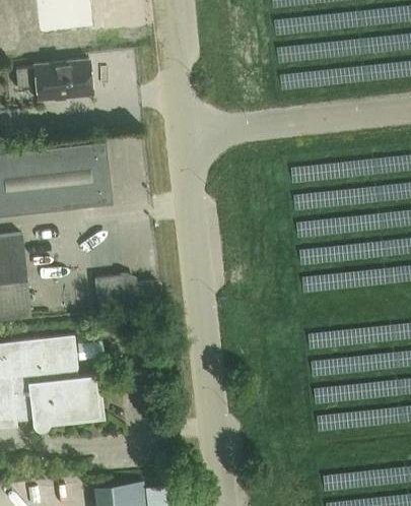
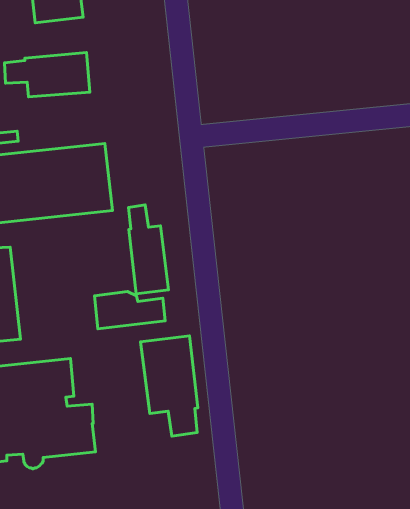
building: none -> [129,205,169,294]
building: none -> [140,336,198,436]

